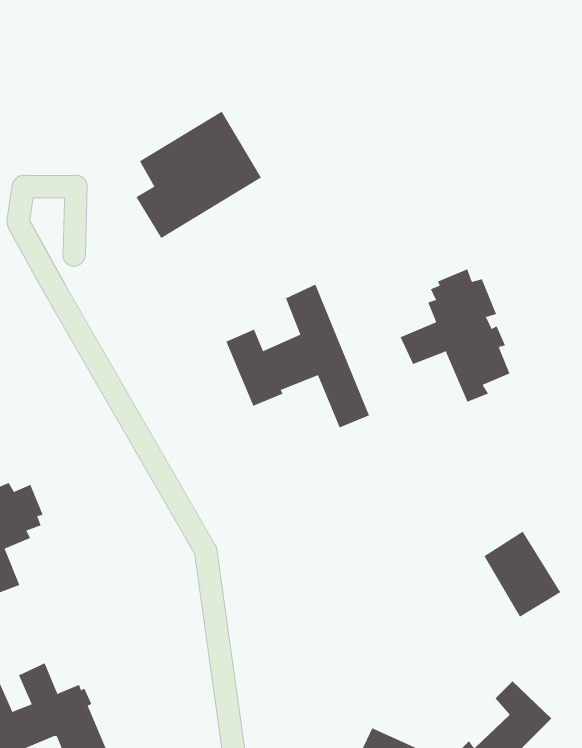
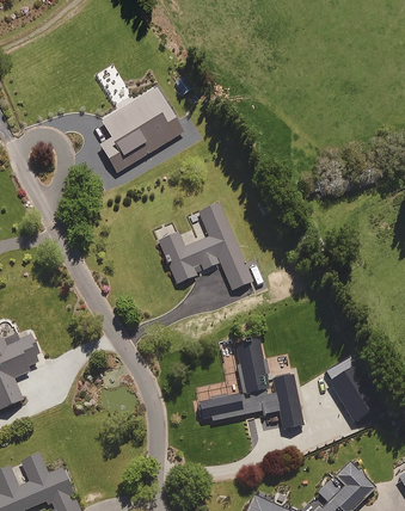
building: [400,269,510,403] -> none
building: none -> [196,340,303,430]

